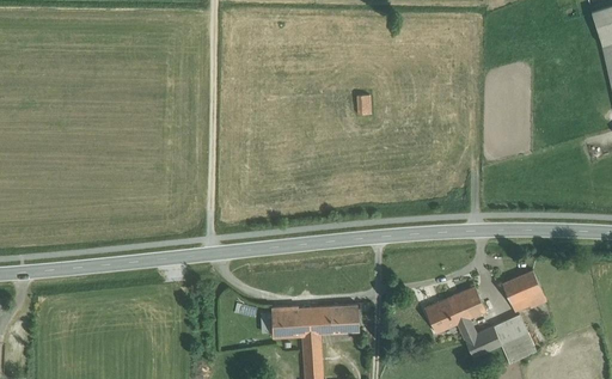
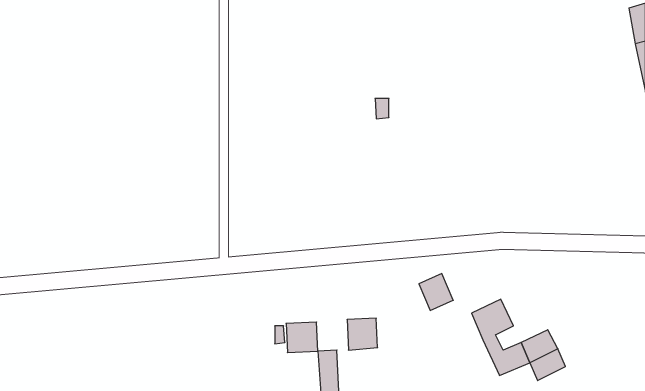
building: [502,269,546,312] -> none
building: [426,299,458,334] -> [419,274,453,310]
building: [301,305,331,335] -> none

